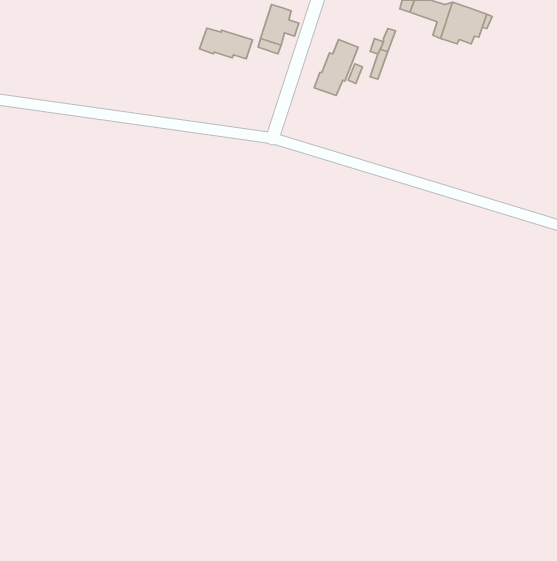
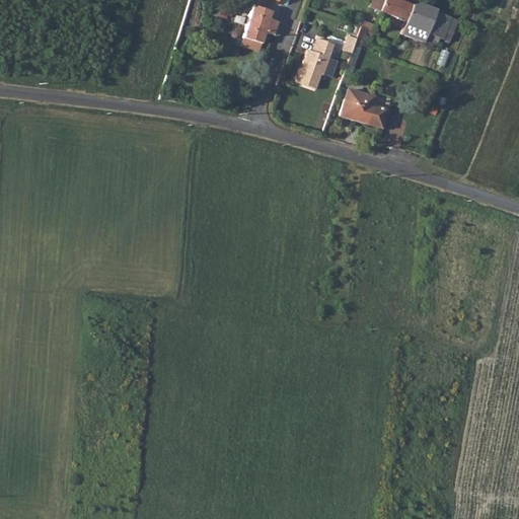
building: [199,28,252,59] -> none
building: none -> [341,87,392,127]

